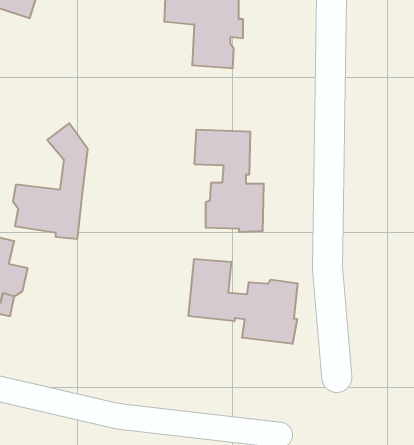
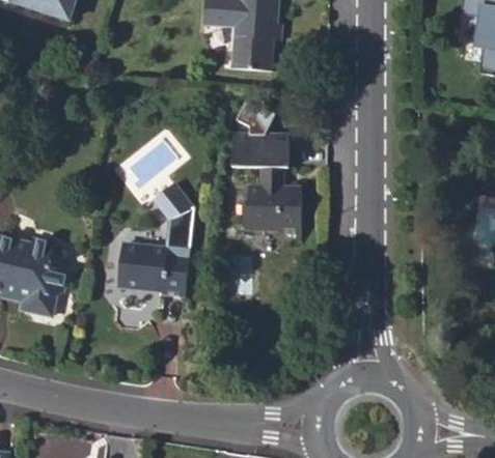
building: [13,123,88,239] -> [119,180,194,295]
building: [189,259,298,344] -> none

